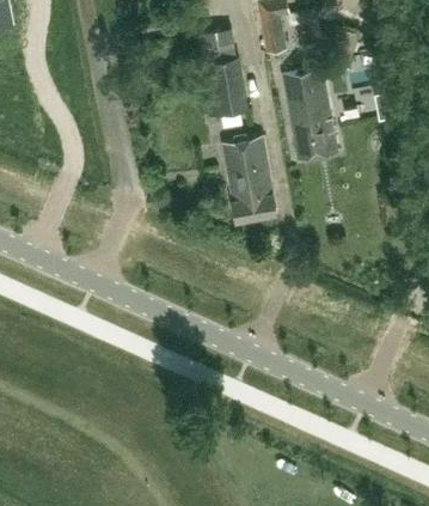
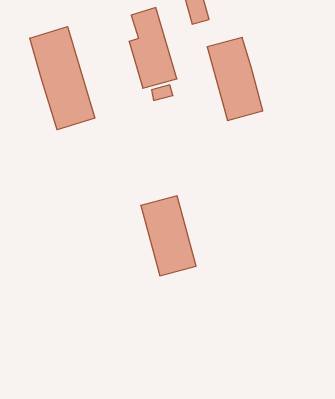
building: none -> [30,27,95,130]
building: [222,134,277,220] -> [141,196,196,276]

